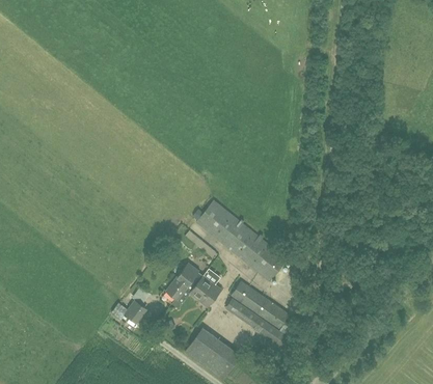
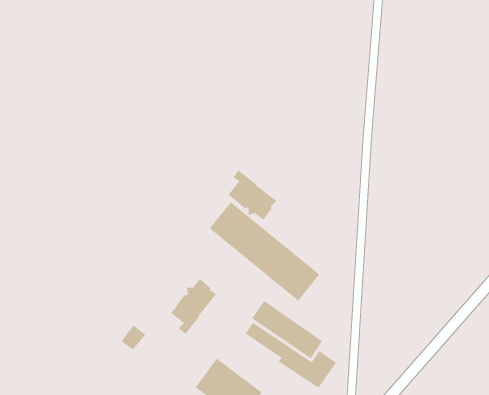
building: none -> [228,170,277,221]
building: [189,268,221,307] -> none

